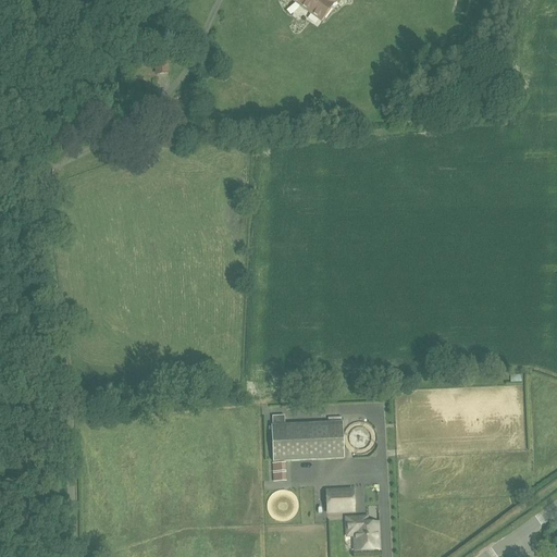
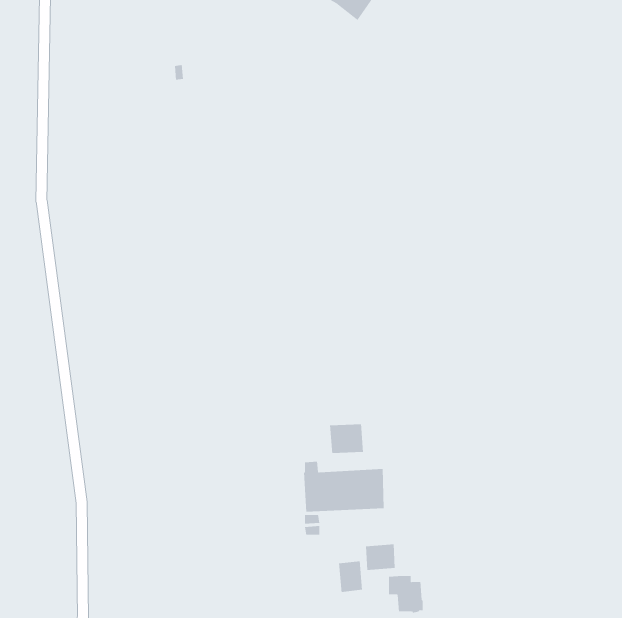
building: none -> [330,423,364,454]
building: none -> [339,560,363,593]

